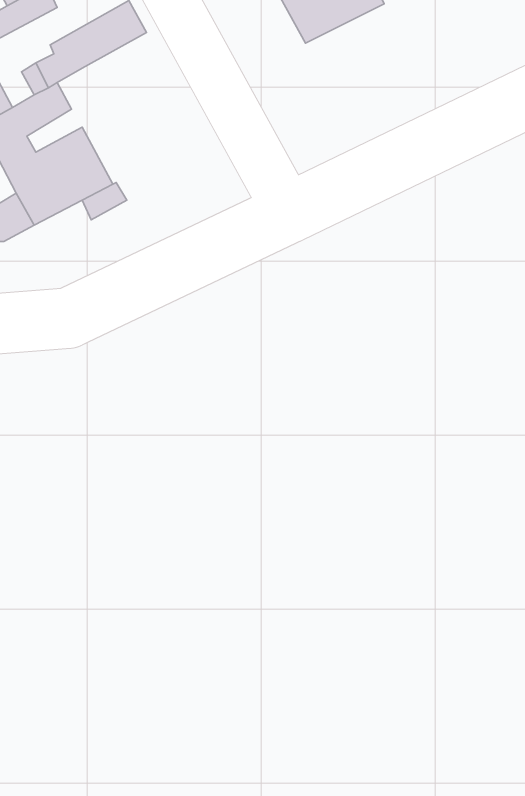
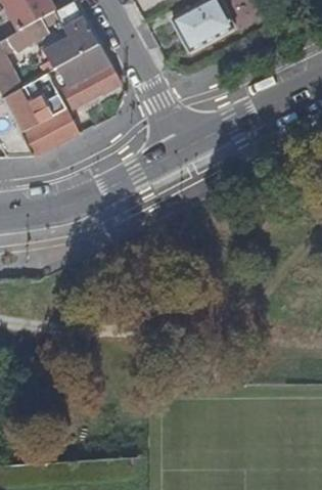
building: none -> [61,45,120,106]

